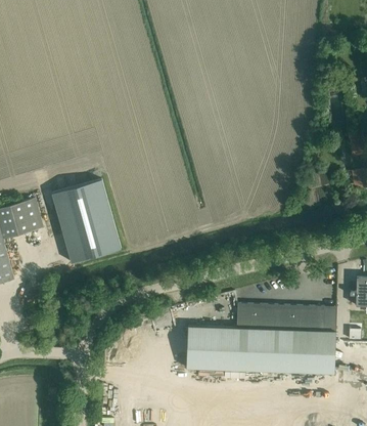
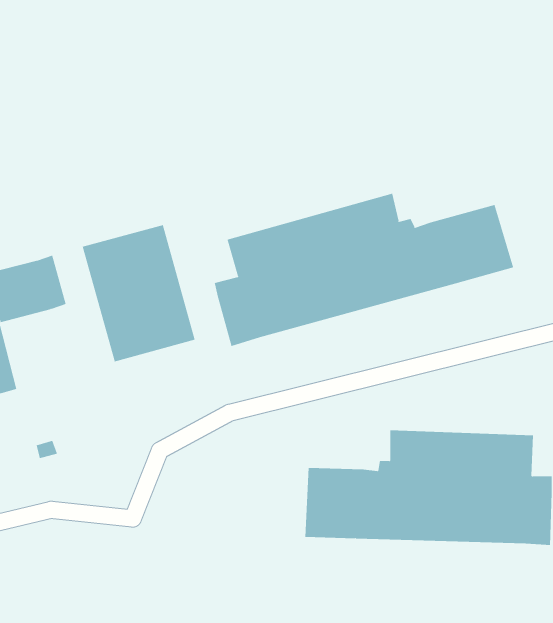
building: none -> [214,193,514,347]

